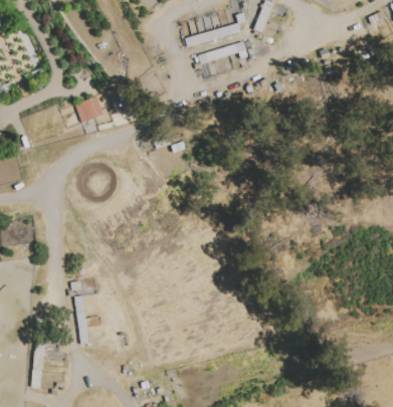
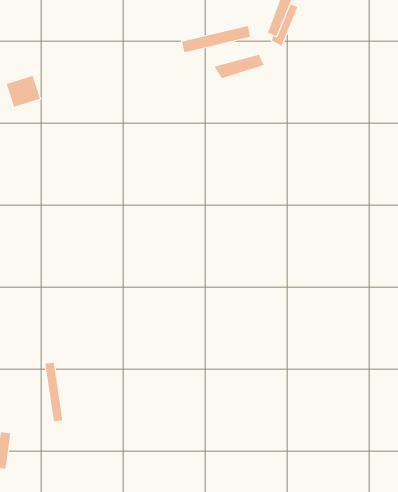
building: [73,93,102,120] -> [6,75,41,108]

